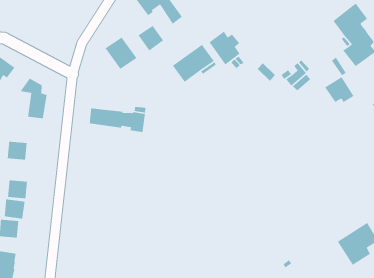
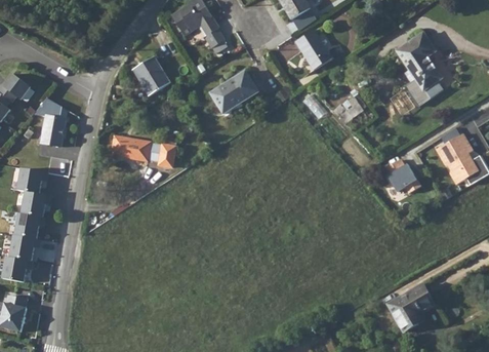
building: [137,25,164,52] -> none
building: [208,30,241,66] -> [296,30,332,70]
building: [324,76,354,103] -> [386,161,420,192]
building: none -> [21,191,45,214]

